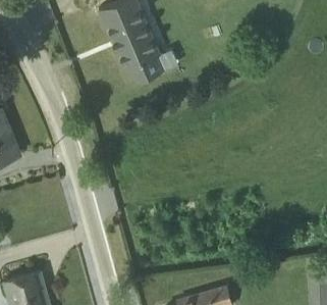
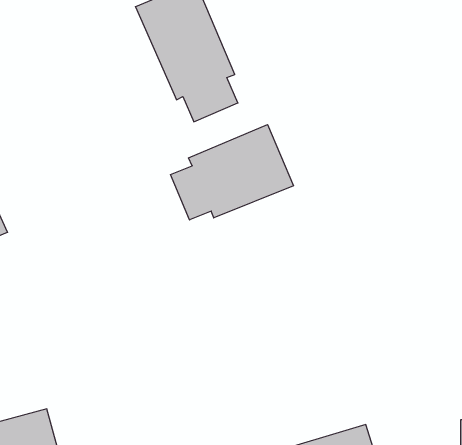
building: none -> [171,125,293,220]

